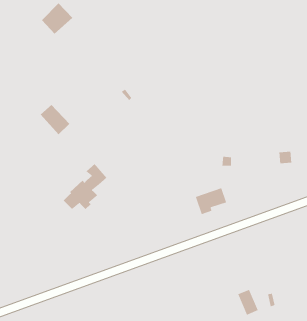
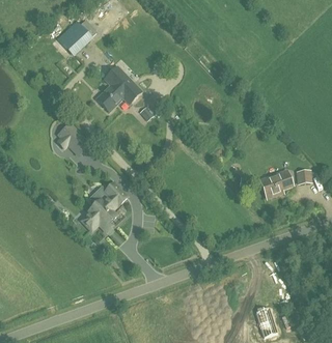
building: none -> [95,66,141,112]
building: [195,187,227,215] -> [259,170,292,198]

